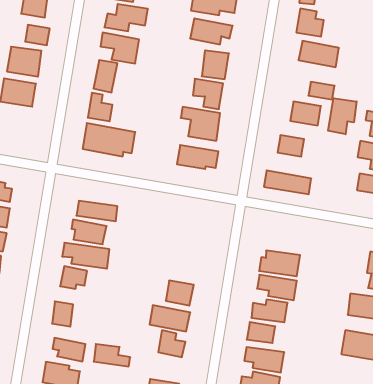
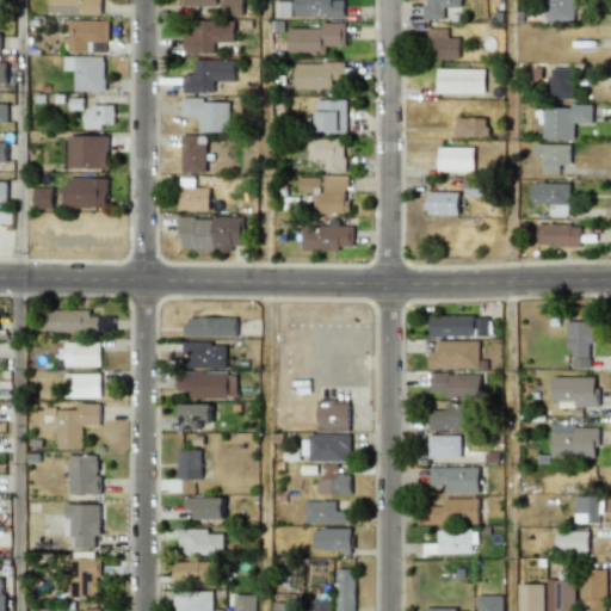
building: [328,98,357,134] -> none
building: [264,170,311,194] -> [430,315,488,337]
building: [94,344,130,366] -> [304,500,351,524]

